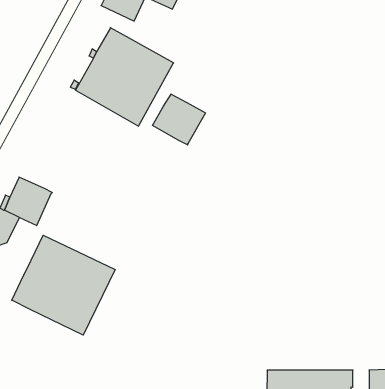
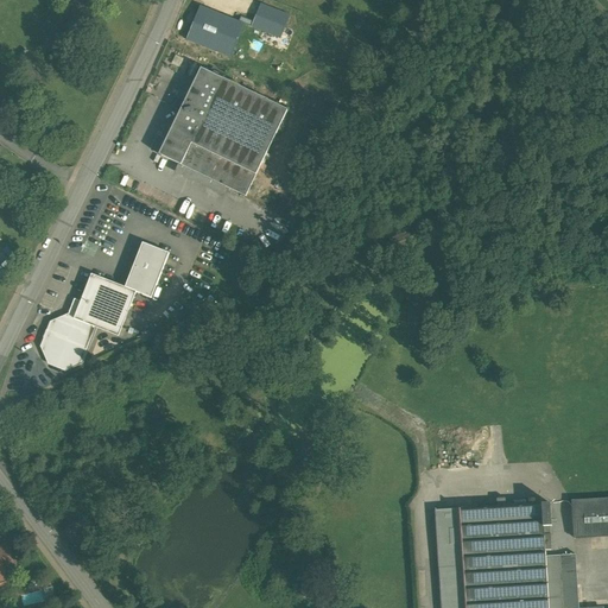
building: [153,94,205,145] -> none
building: none -> [125,242,169,298]
building: [12,235,115,335] -> none

